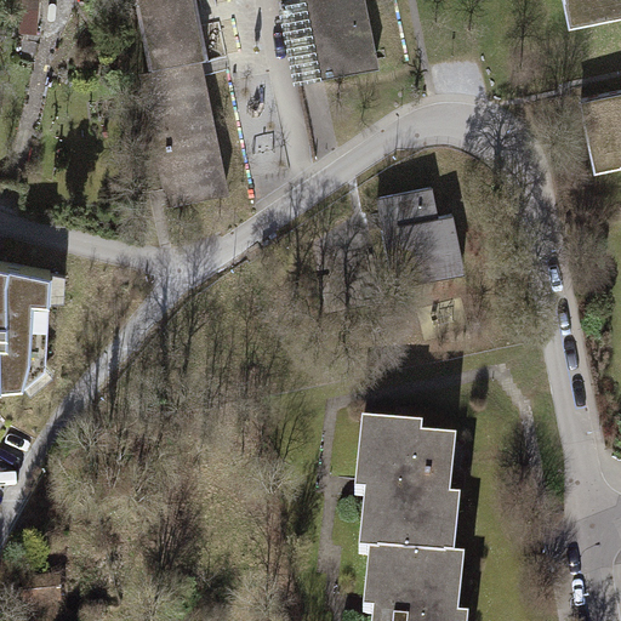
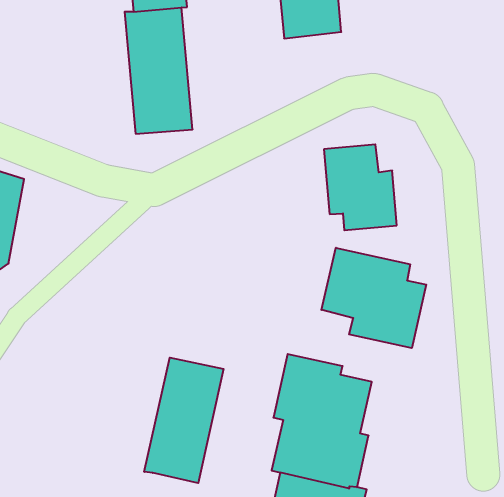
building: none -> [321,248,426,348]
building: none -> [144,358,224,483]

